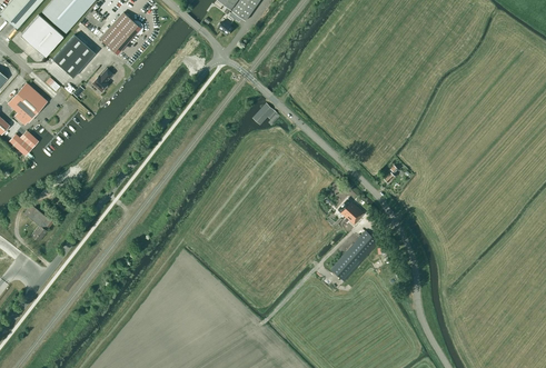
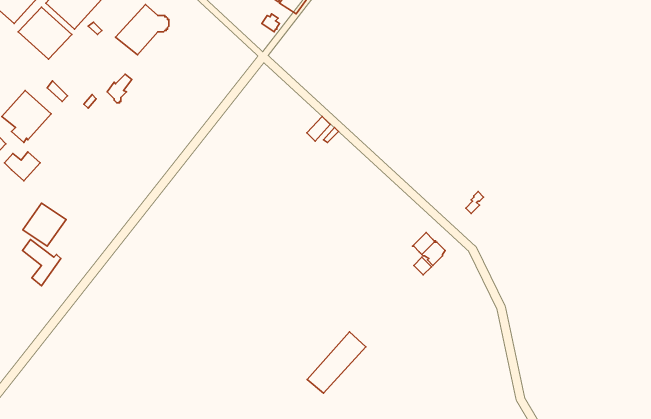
building: [52,34,95,78] -> none
building: none -> [23,203,66,246]
building: [330,230,378,280] -> [307,332,366,393]

